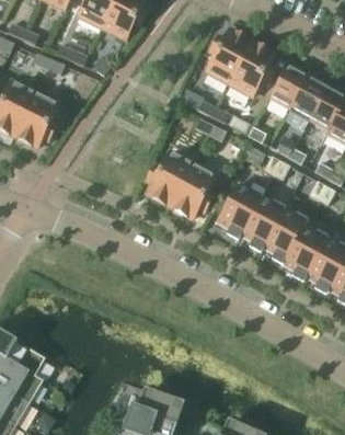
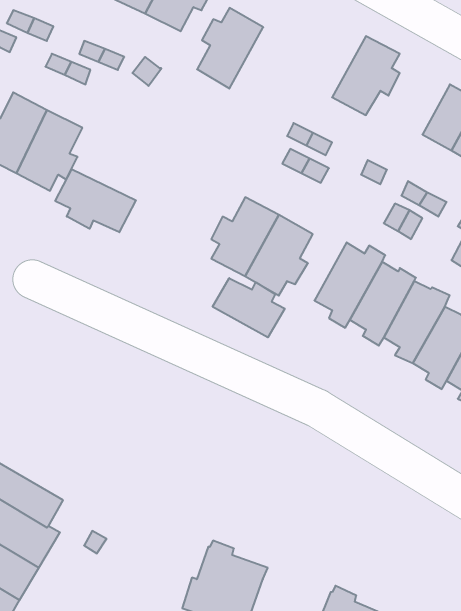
building: [206,28,251,83] -> [197,8,263,89]
building: [268,64,308,108] -> none
building: none -> [55,169,136,232]
building: none -> [213,278,285,337]

